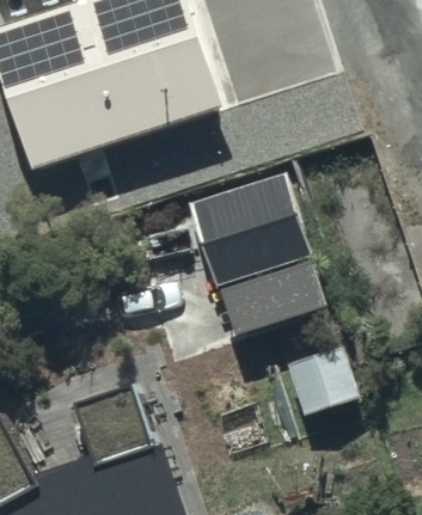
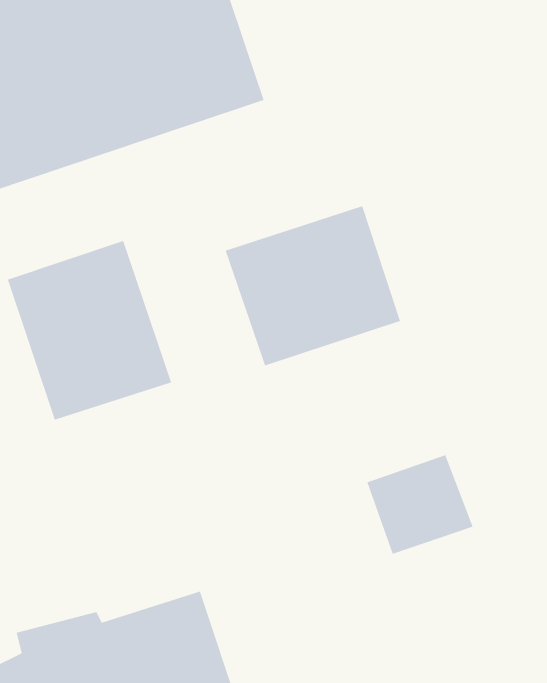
building: none -> [7,240,172,420]

